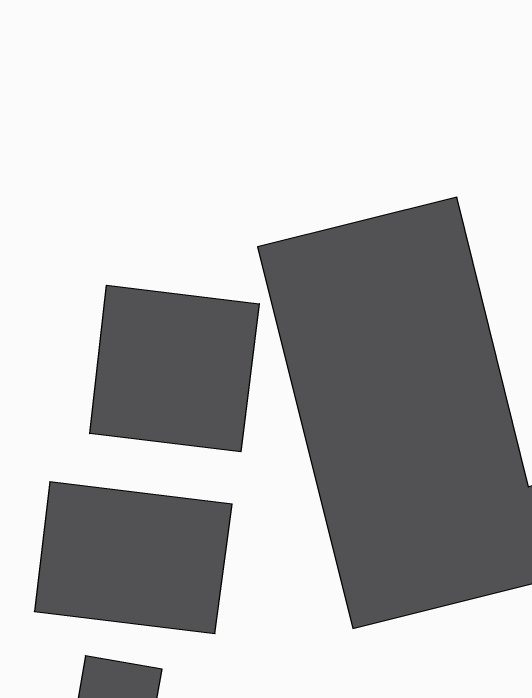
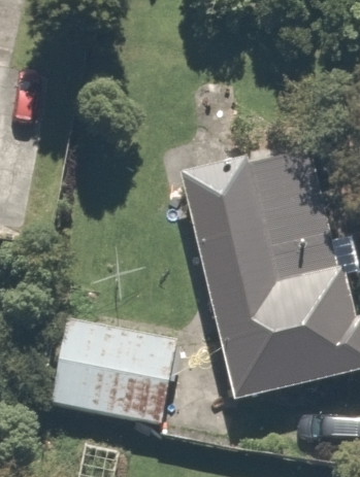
building: [90,285,259,452] -> none

